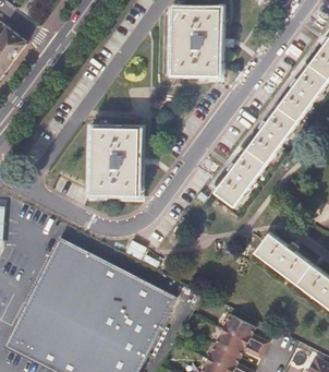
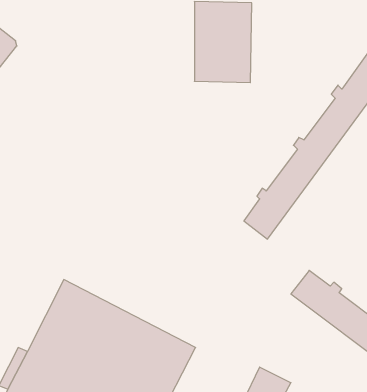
building: [90,129,139,195] -> none

